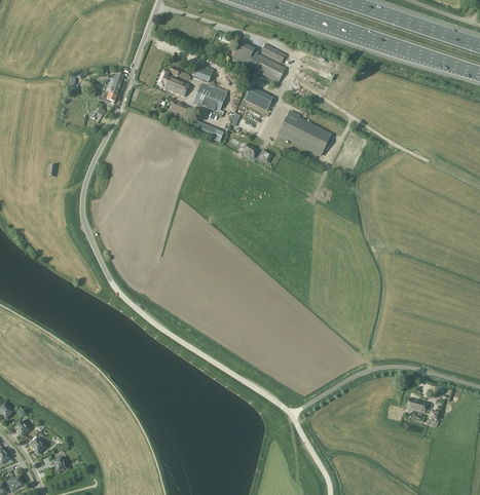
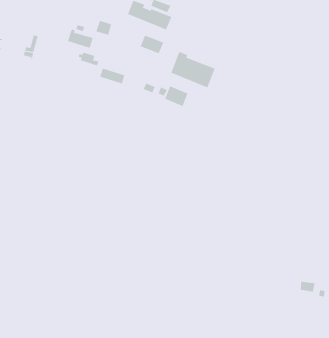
building: [193,82,226,112] -> none
building: none -> [165,85,188,107]

